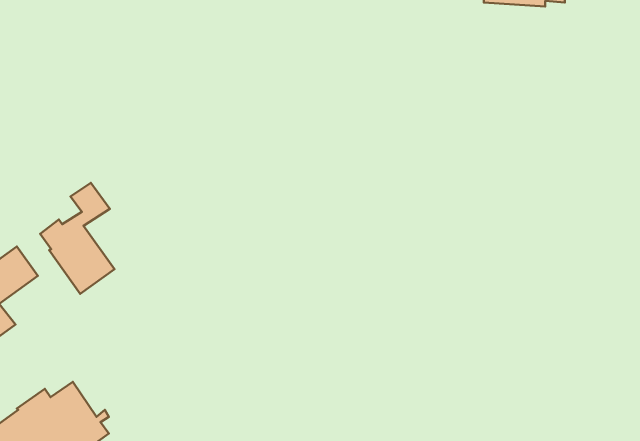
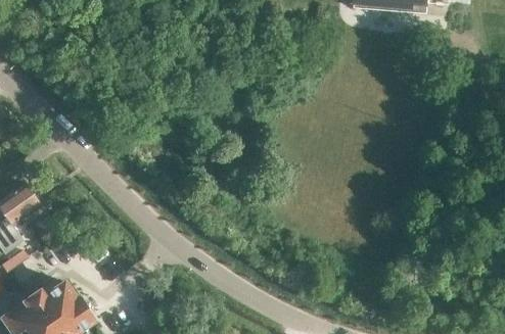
building: [40,183,114,294] -> none

